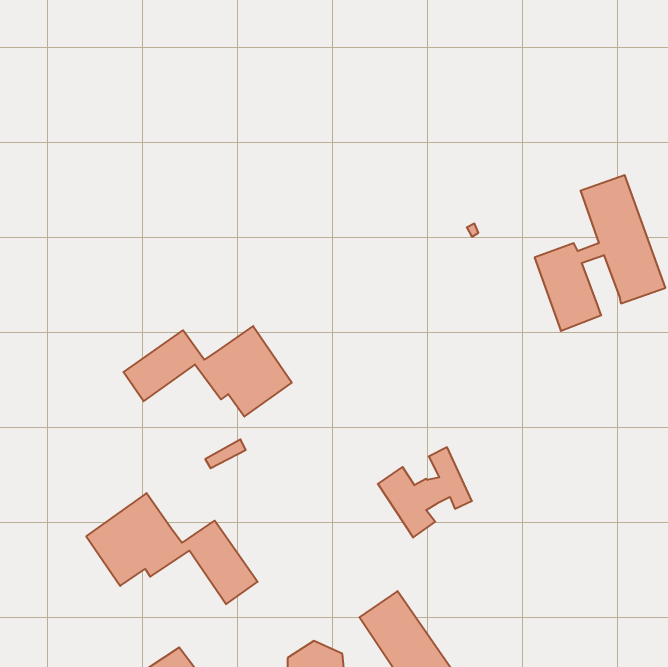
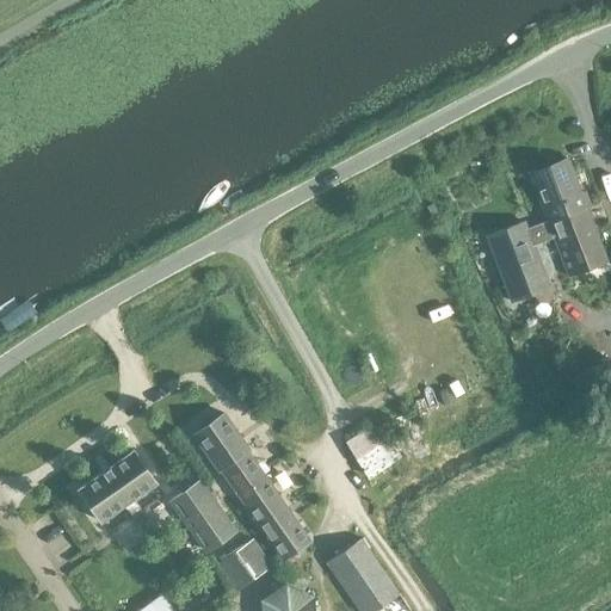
building: [123,326,292,417] -> none
building: none -> [193,414,310,560]
building: none -> [218,541,271,591]

